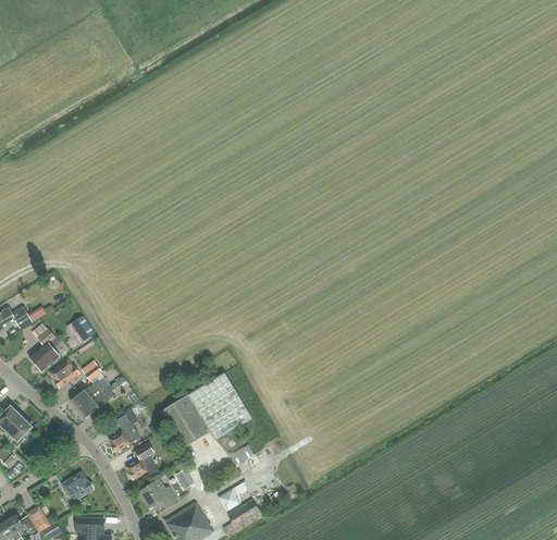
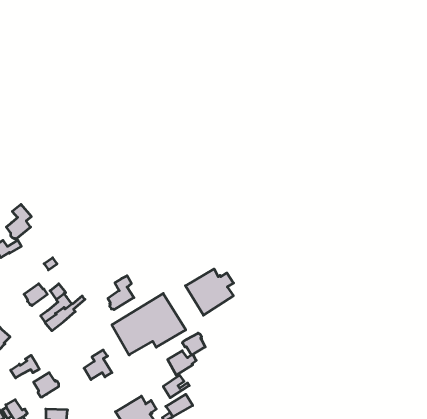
building: [28,328,60,371] -> [6,204,31,239]
building: none -> [185,269,234,315]
building: [108,410,140,453] -> [108,276,134,310]
building: none -> [182,333,205,355]
building: none -> [11,355,39,378]
building: [139,479,177,507] -> none

